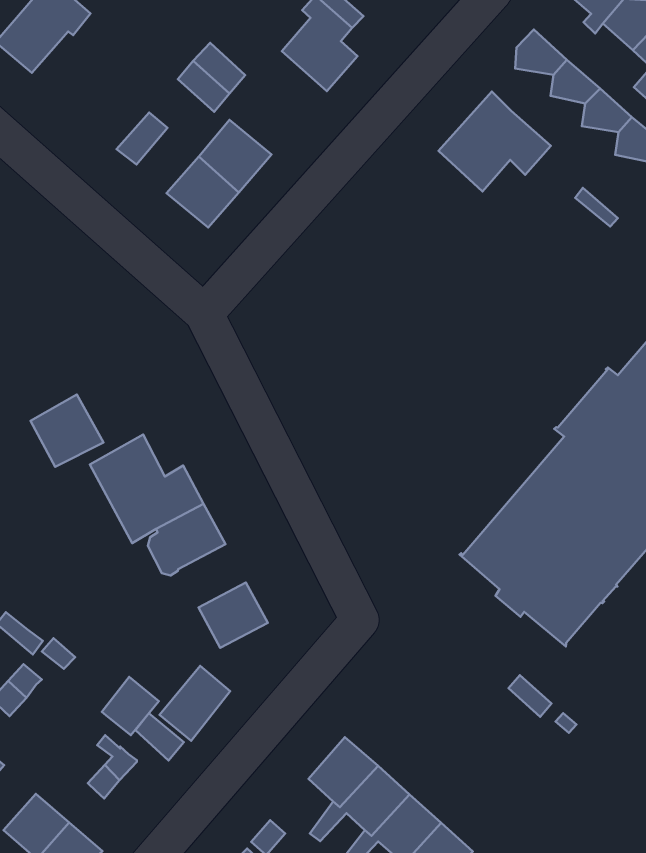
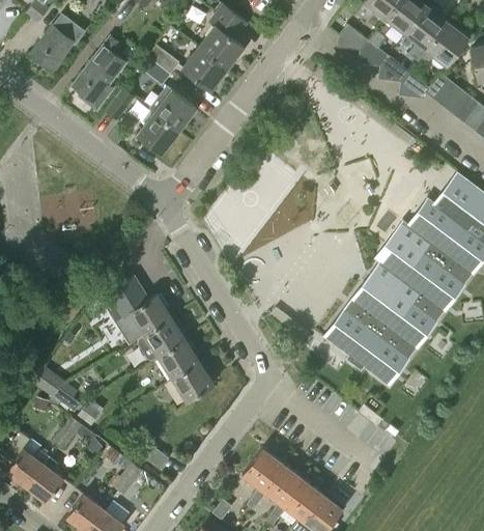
building: none -> [73,37,126,111]
building: none -> [182,47,227,90]
building: [439,92,551,192] -> none
building: [30,394,103,467] -> none
building: none -> [159,339,199,378]
building: [159,666,230,741] -> none
building: [102,677,159,735] -> none

